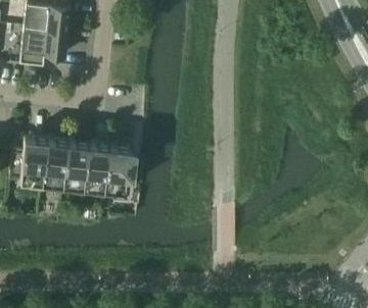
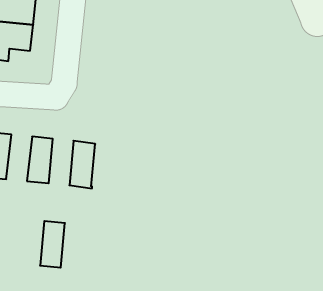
building: [41,140,66,186] -> none
building: [83,144,107,190] -> [40,221,65,268]

